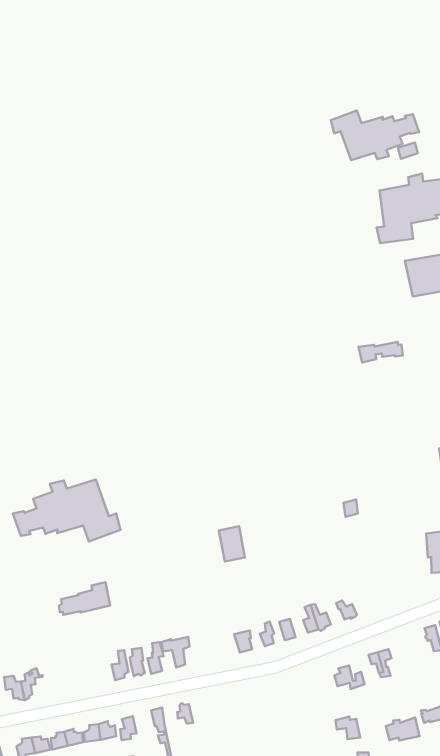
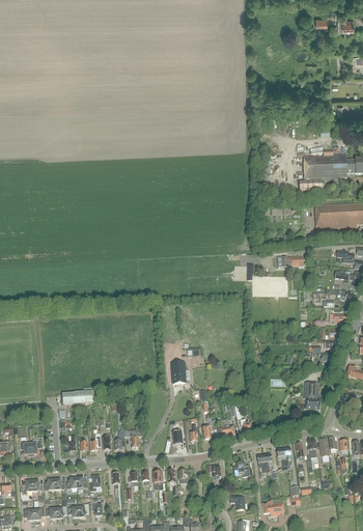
building: [331,111,419,160] -> none
building: [13,480,120,541] -> none

